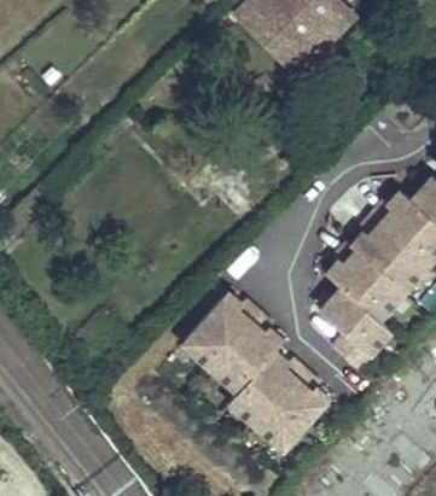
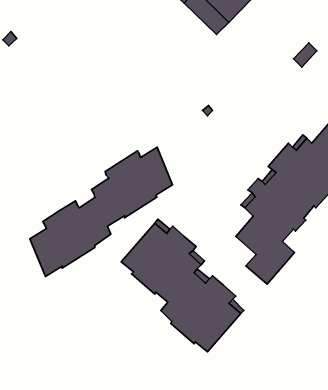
building: none -> [30,147,173,277]

